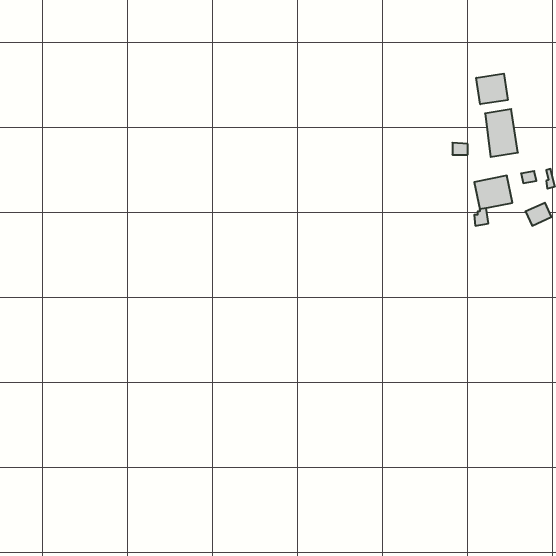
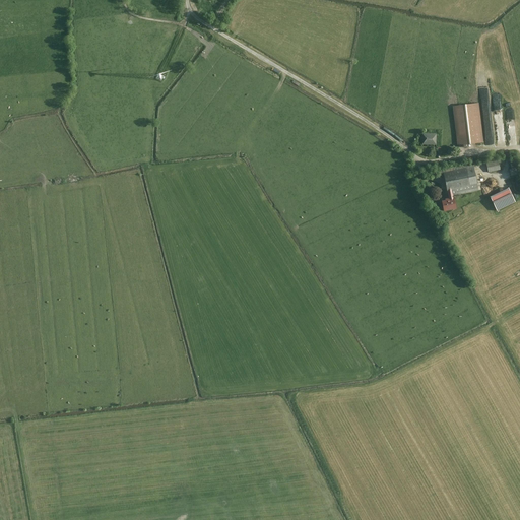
building: [476,74,508,104] -> none

